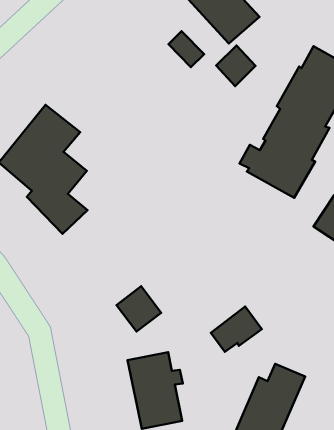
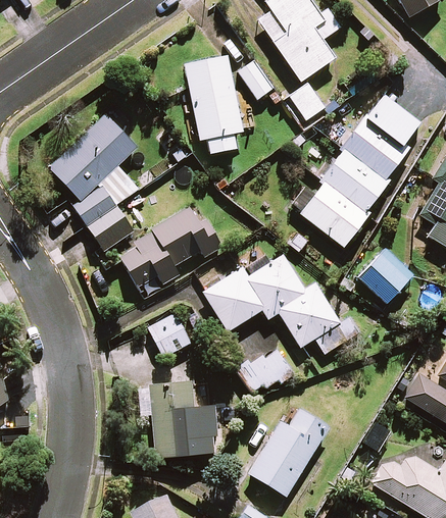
building: none -> [186,57,242,153]
building: none -> [118,203,222,287]
building: none -> [203,255,357,350]

